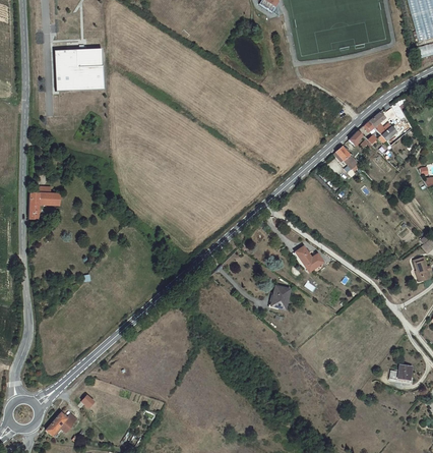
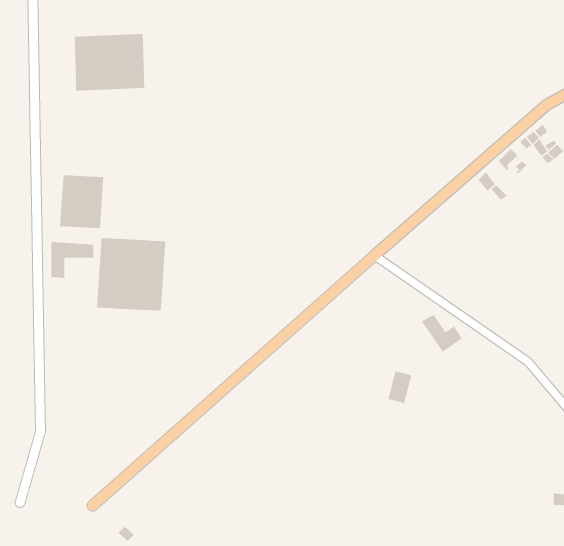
building: none -> [59,174,104,229]
building: none -> [96,237,166,312]

